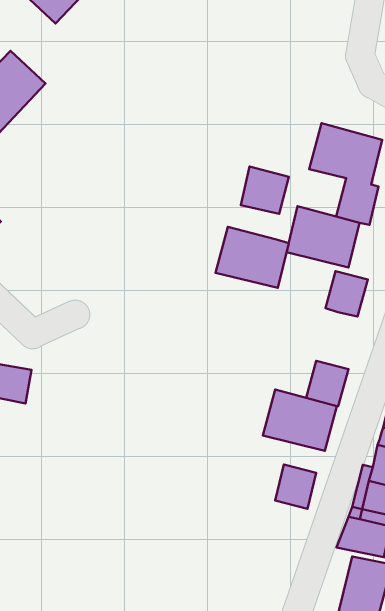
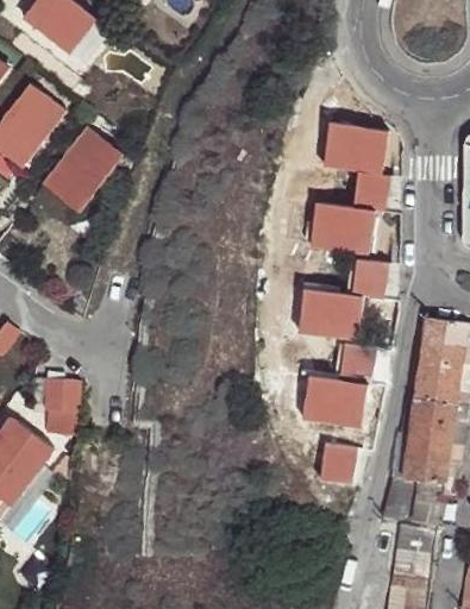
building: none -> [42,126,123,212]
building: [241,166,289,214] -> none
building: [216,227,289,288] -> [296,287,362,339]

